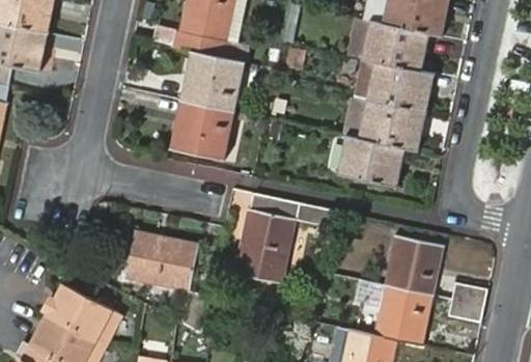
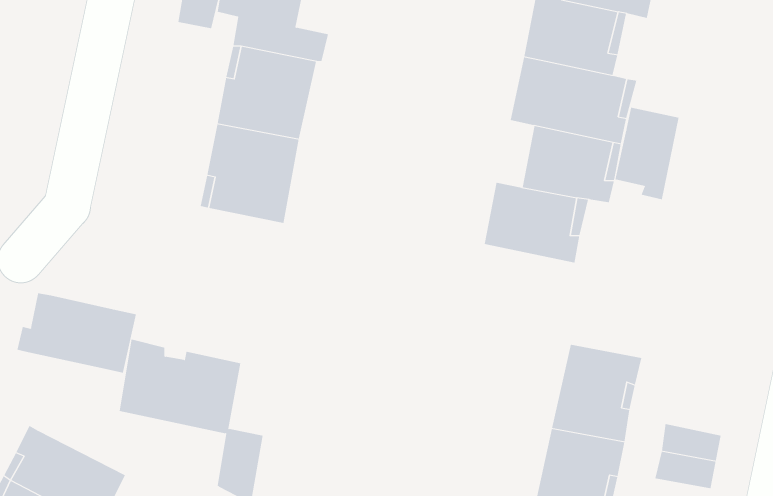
building: none -> [615,107,679,200]
building: [231,194,328,285] -> none
building: none -> [17,292,136,374]

